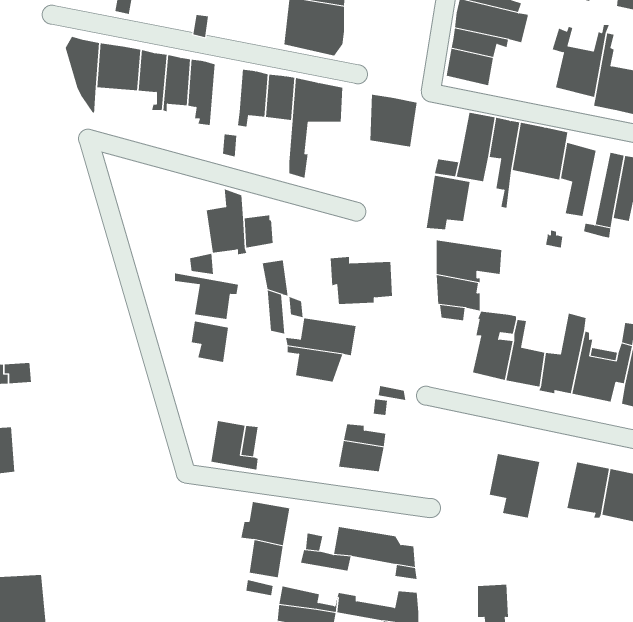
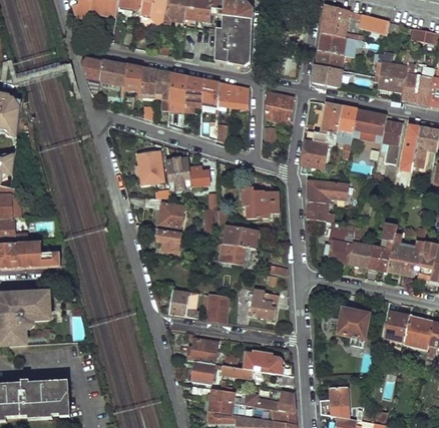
building: none -> [168,72,187,112]
building: none -> [137,147,163,181]
building: none -> [199,293,225,322]

